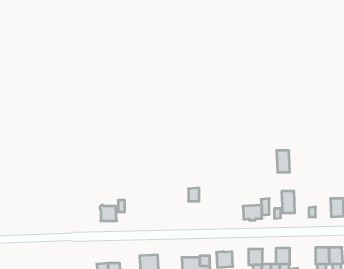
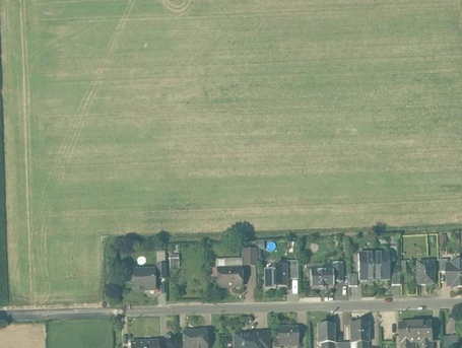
building: [277,151,290,172] -> [374,252,390,278]
building: none -> [267,258,298,287]
building: none -> [217,267,242,286]

